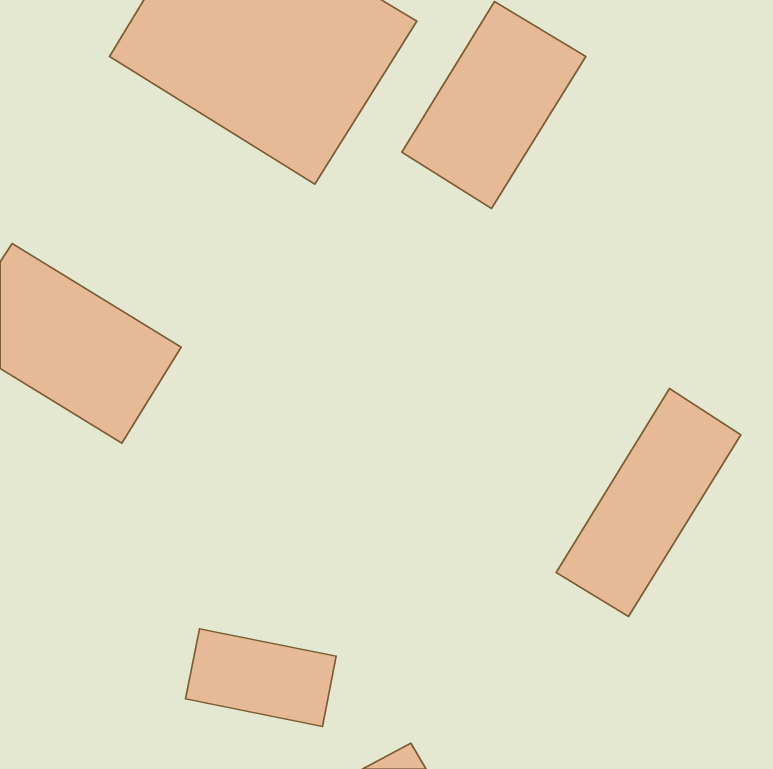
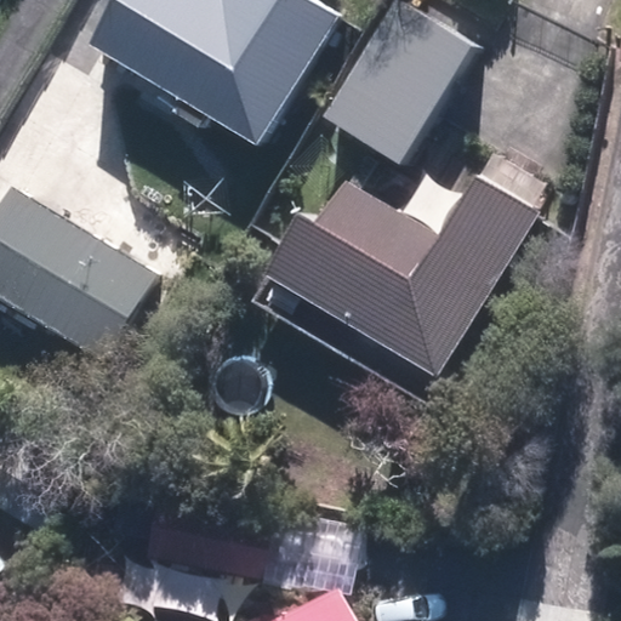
building: none -> [268,172,537,376]
building: [556,389,741,616] -> none

